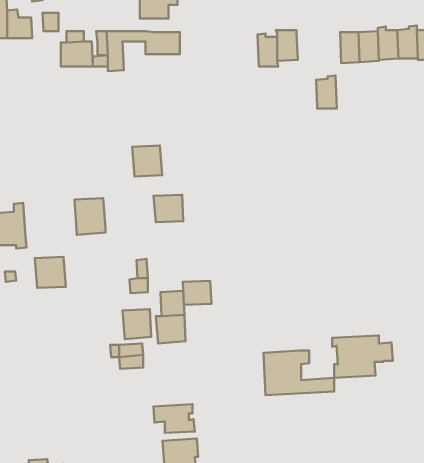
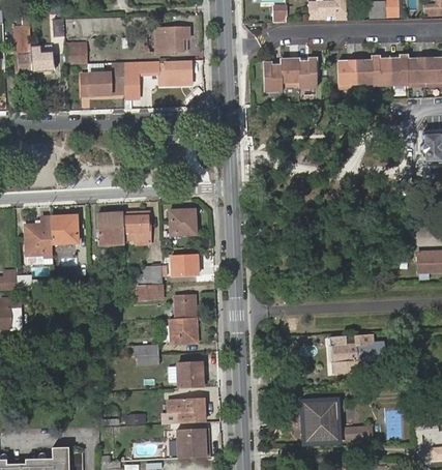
building: [316,75,337,109] -> [297,58,316,88]
building: [132,146,162,176] -> [122,210,149,238]
building: [35,257,66,288] -> [50,214,78,242]
building: [183,281,211,305] -> [171,254,197,275]
building: [122,309,151,339] -> [176,361,202,388]
building: [263,350,334,395] -> [302,401,366,441]

